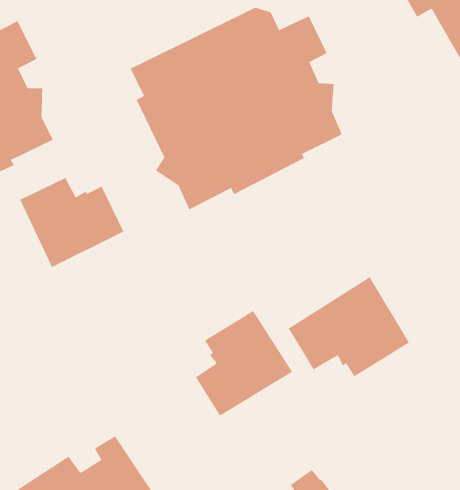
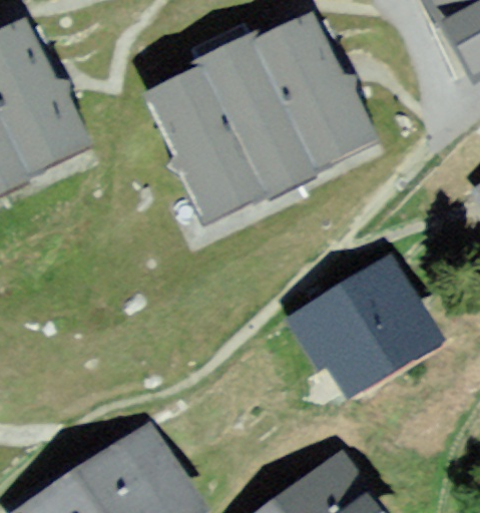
building: [20,177,124,268] -> none
building: [195,310,293,417] -> none

